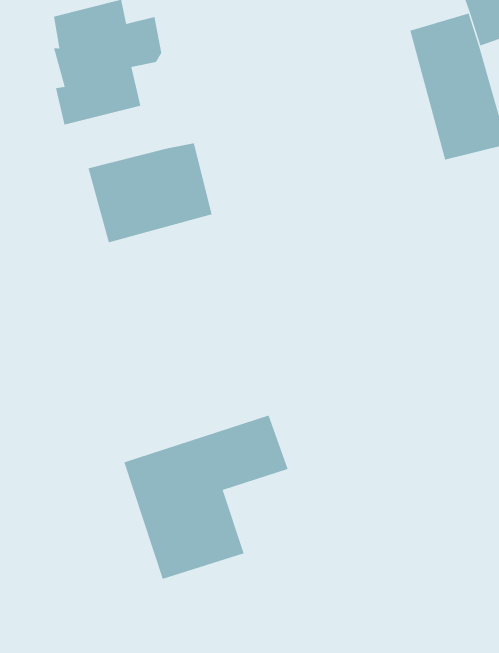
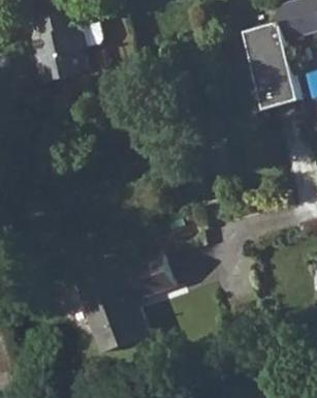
building: [88,142,212,243] -> none

